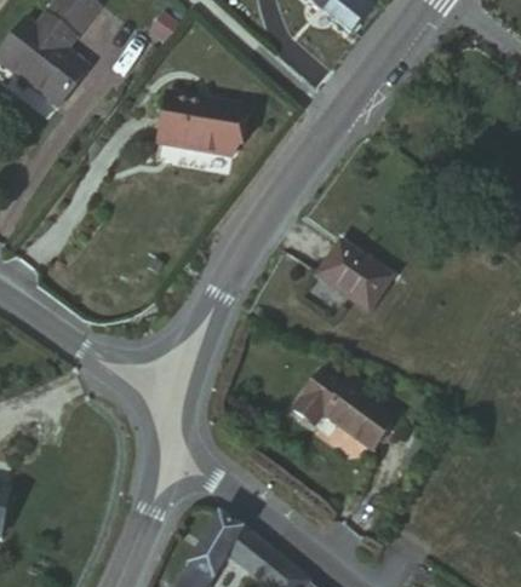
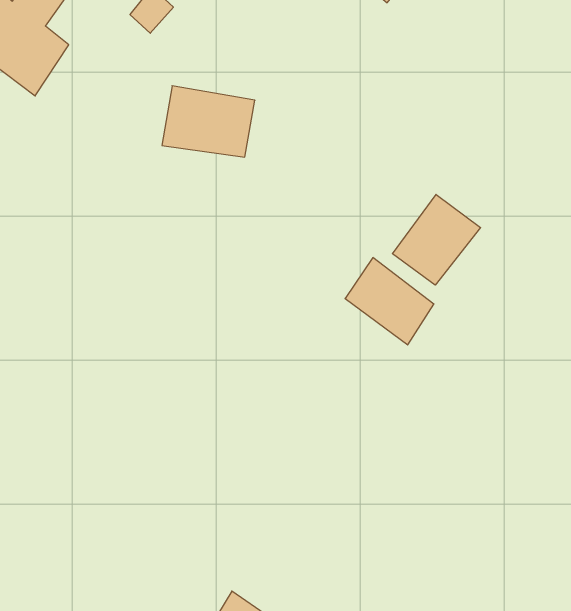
building: none -> [392,194,481,285]
building: [288,372,391,455] -> none

